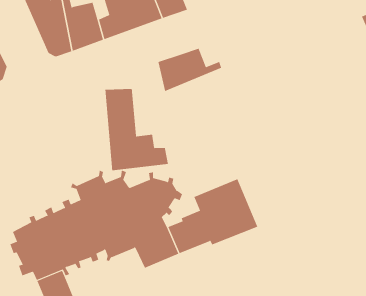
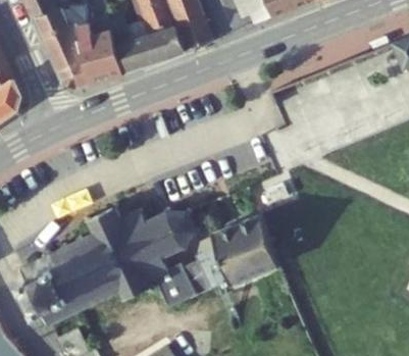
building: [158,48,222,92] -> none
building: [105,88,169,171] -> none

